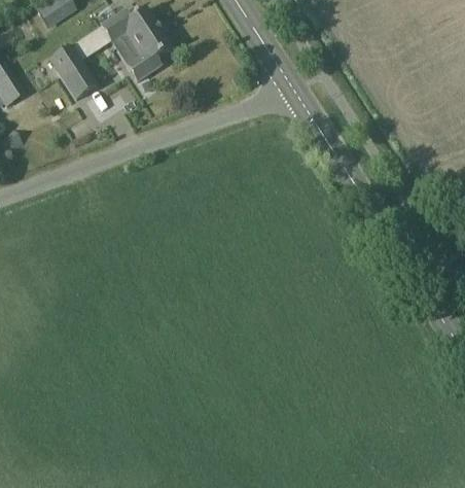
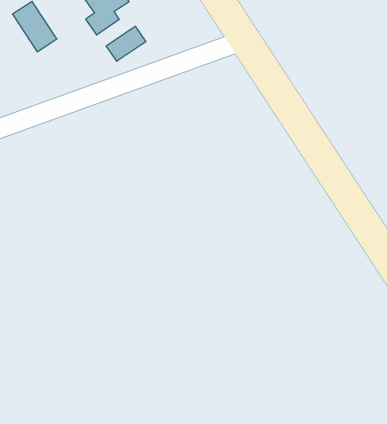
building: none -> [106,26,146,61]

